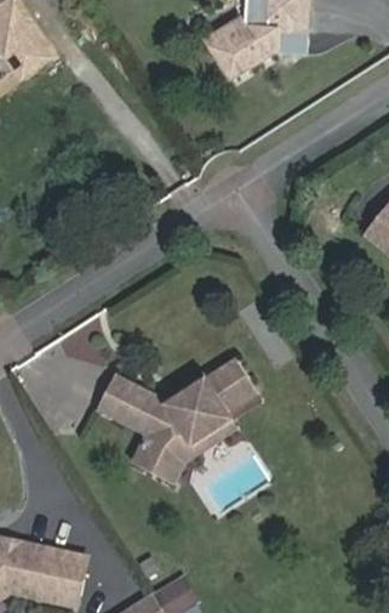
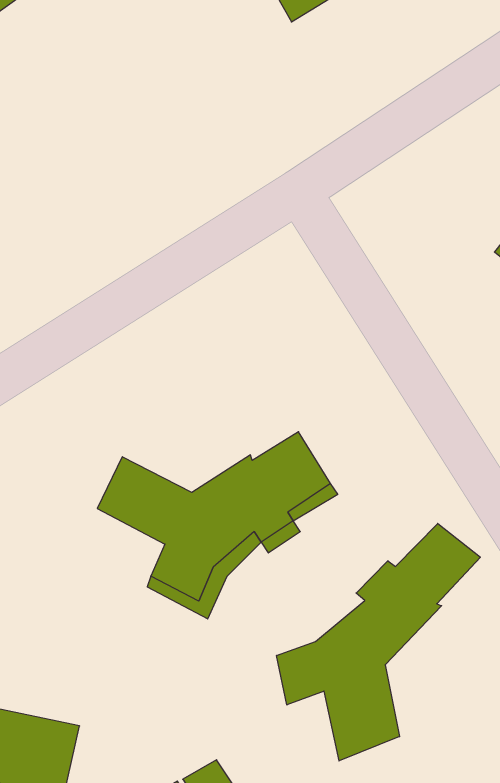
building: none -> [277,523,480,761]

